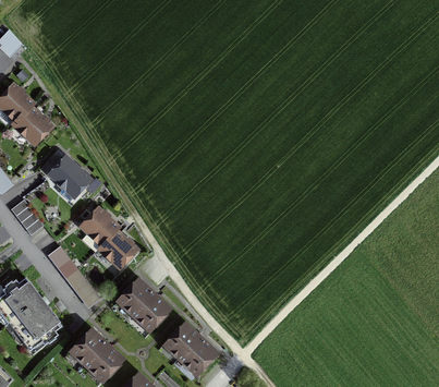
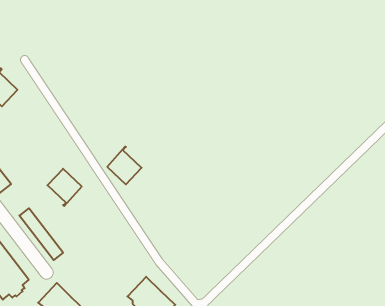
building: [49,157,89,197] -> none
building: [99,228,135,267] -> [107,147,142,184]
building: [119,279,170,329] -> none

